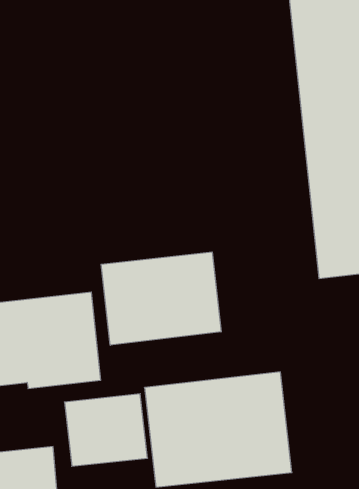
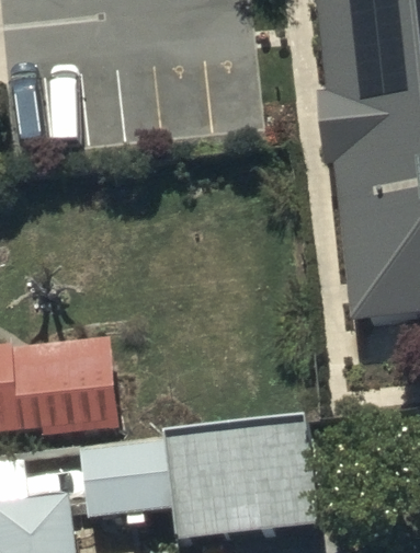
building: [101,252,221,345] -> none

